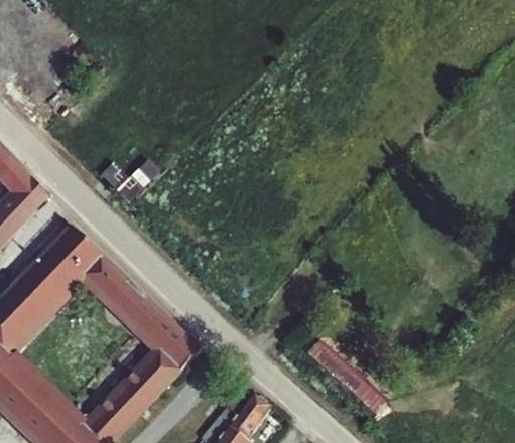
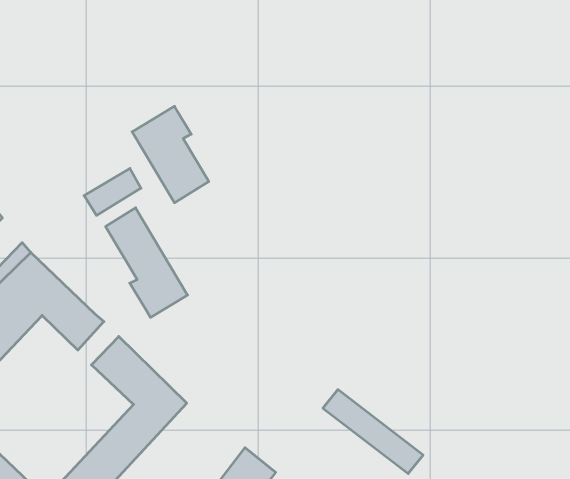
building: none -> [132,106,209,203]
building: none -> [106,208,188,317]

